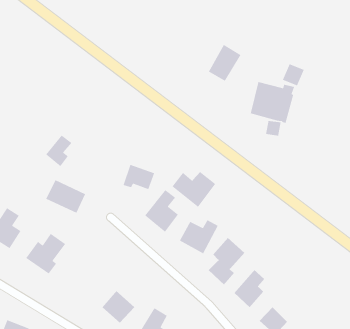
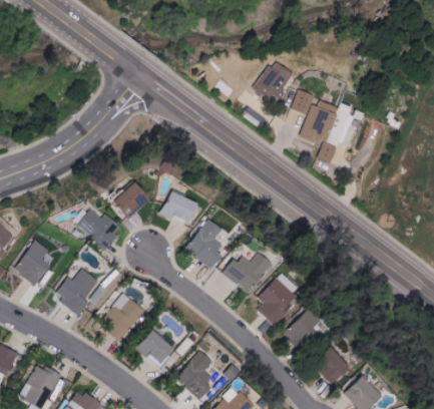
building: [282,63,305,87] -> [290,88,315,114]
building: [45,134,72,167] -> [113,180,143,217]
building: [171,171,216,208] -> none
building: none -> [99,293,145,340]

